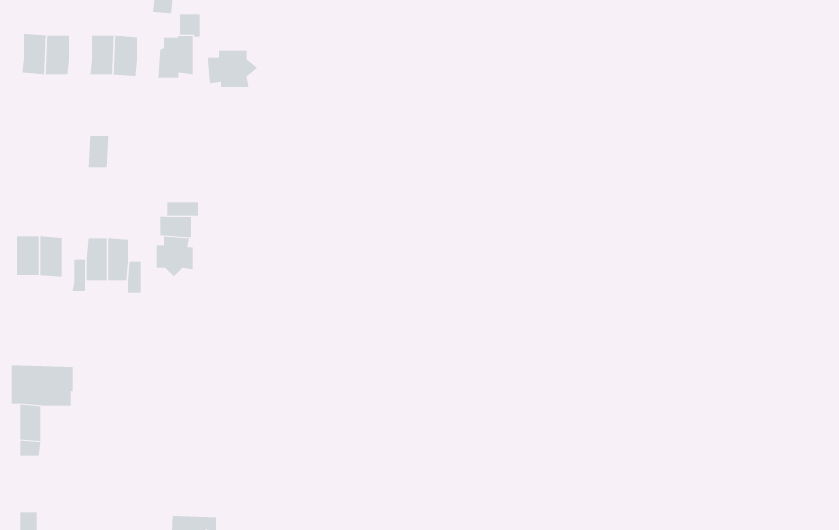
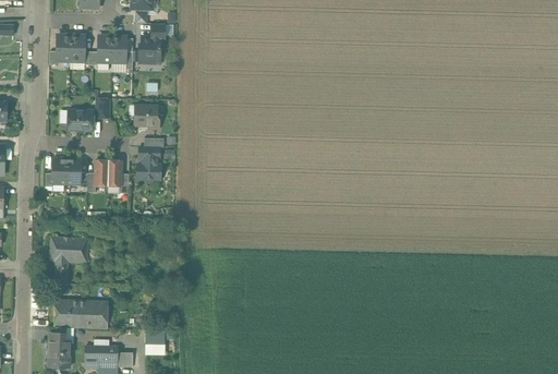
building: [207,50,258,88] -> none
building: none -> [135,106,159,129]
building: none -> [68,110,93,131]
building: none -> [53,300,108,328]

